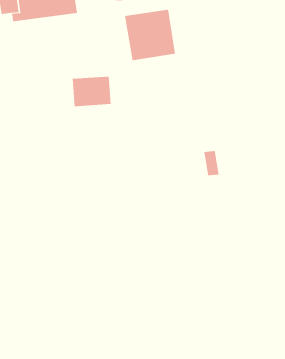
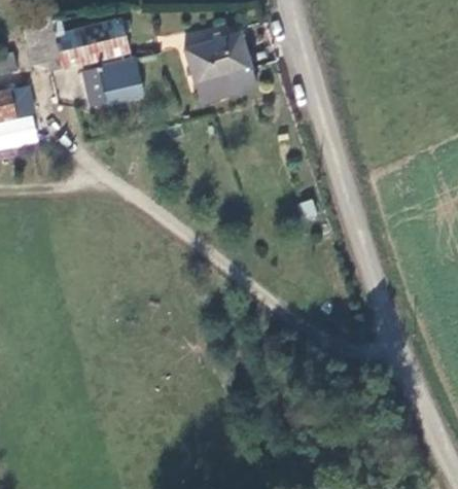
building: [72,76,111,107] -> [93,59,144,101]

